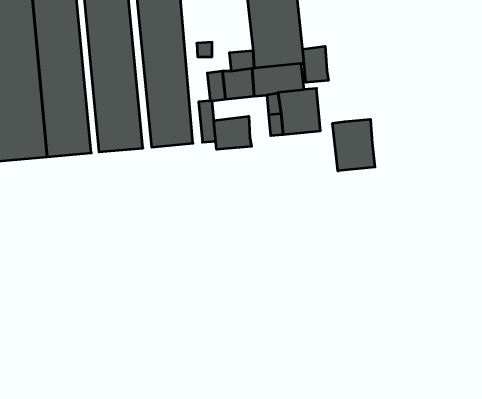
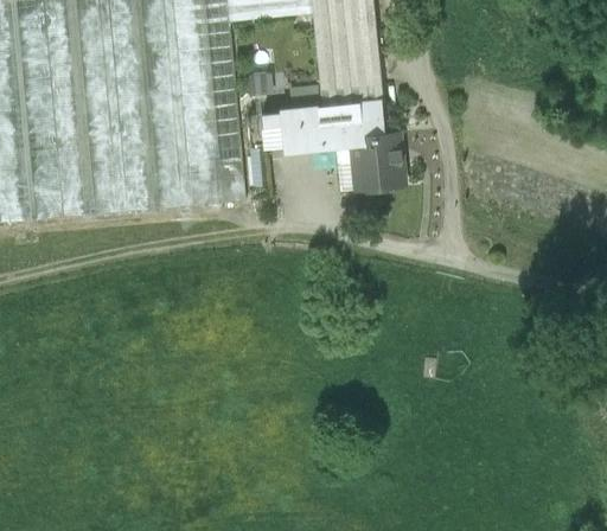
building: [303,46,328,82] -> none
building: [214,116,252,149] -> none
building: [333,119,375,171] -> none

